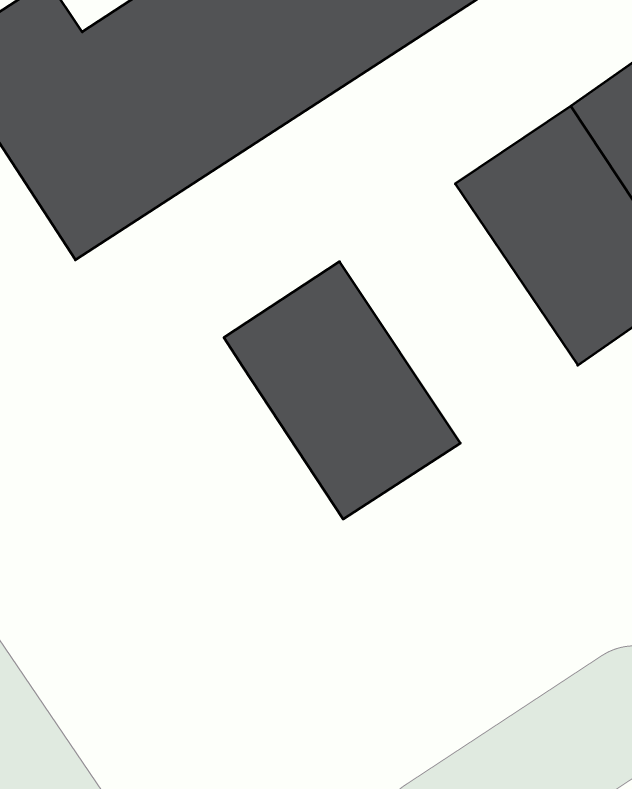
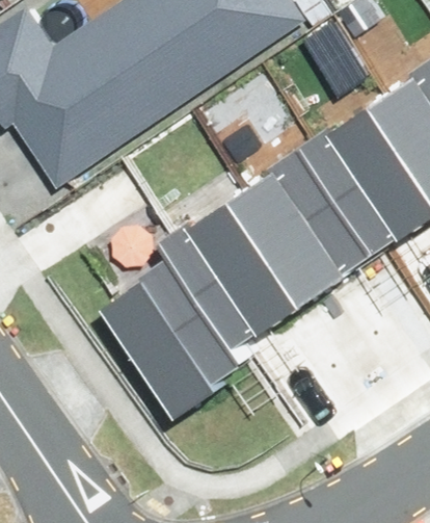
building: none -> [235,140,378,296]
building: none -> [103,251,244,412]

